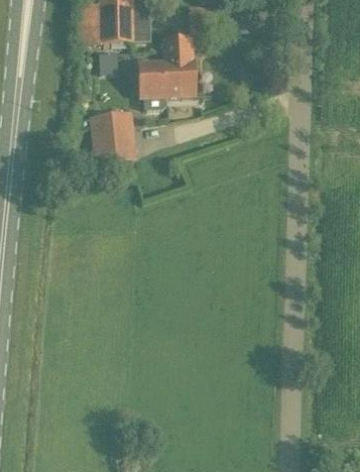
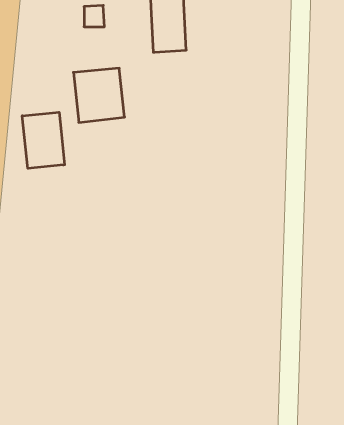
building: [138,60,166,109] -> none
building: none -> [22,112,65,168]

